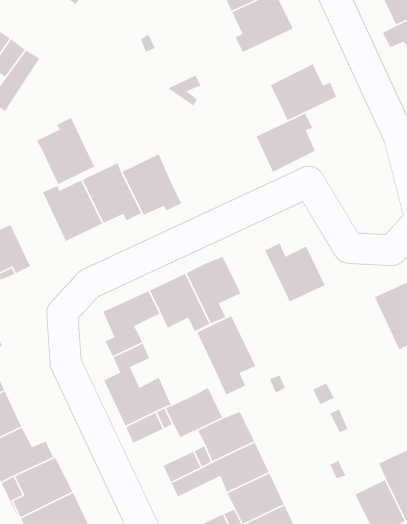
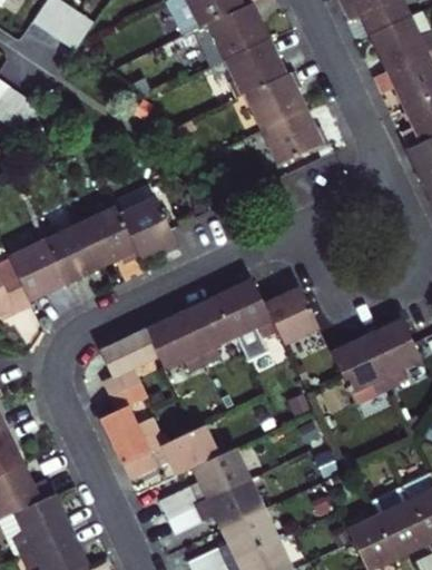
building: [255,112,316,173] -> [247,71,306,130]
building: [36,117,95,185] -> [7,235,65,302]
building: none -> [331,337,390,405]
building: [196,315,256,396] -> [218,281,277,360]

